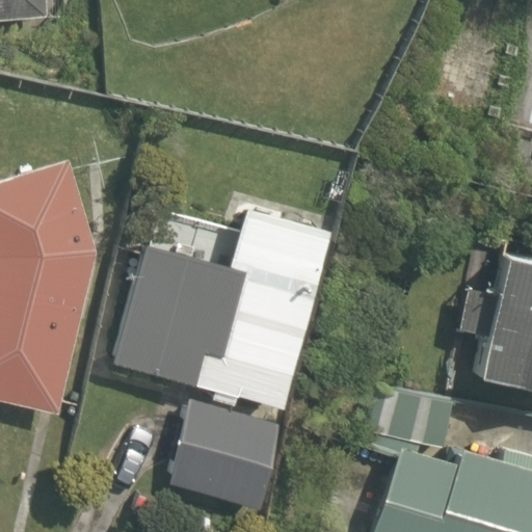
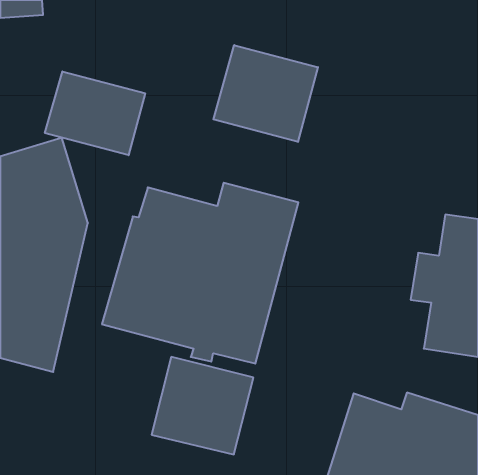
building: none -> [213,45,318,142]
building: none -> [45,71,145,155]

